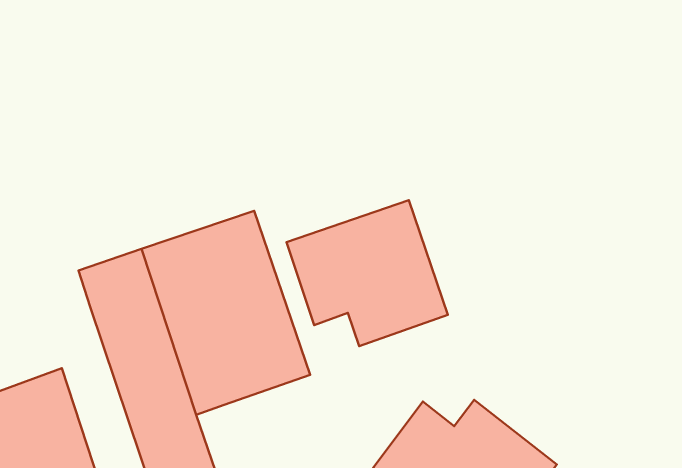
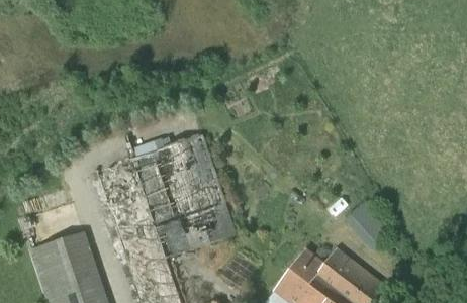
building: [287,200,448,346] -> none
building: none -> [346,199,391,246]

